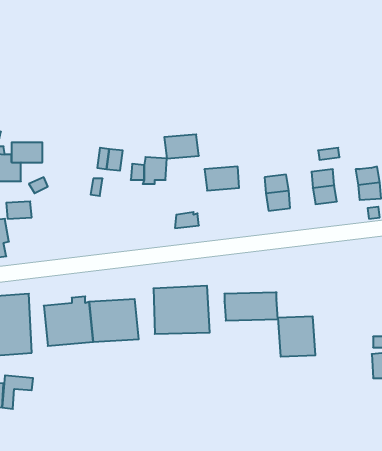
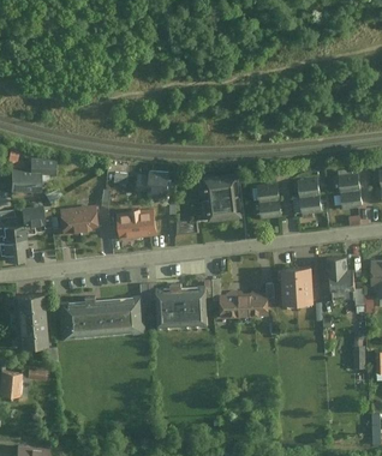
building: [164,134,199,158] -> [204,197,235,218]
building: none -> [58,203,99,233]
building: none -> [115,206,155,238]
building: none -> [326,263,351,292]
building: [278,316,315,357] -> [280,265,314,301]

